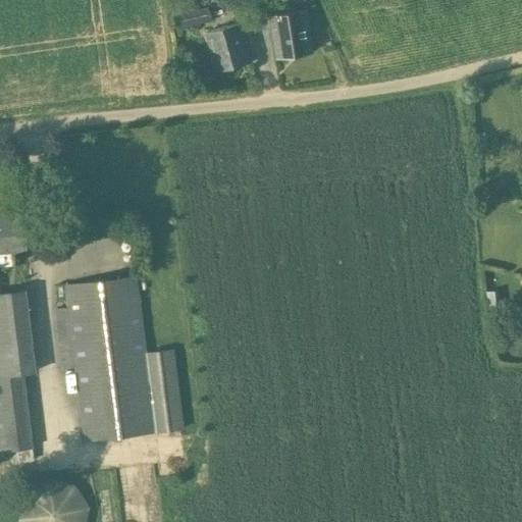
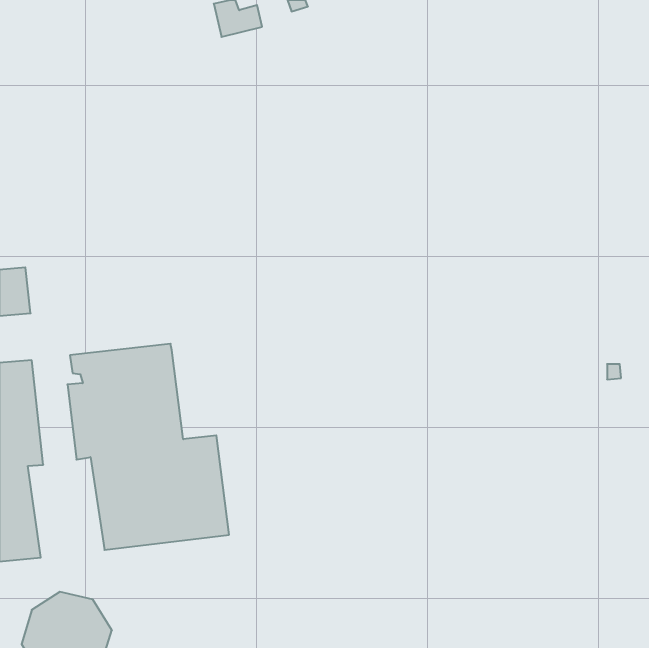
building: [270,12,311,58] -> none
building: [205,25,249,72] -> none

